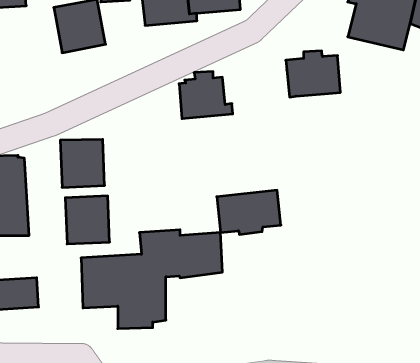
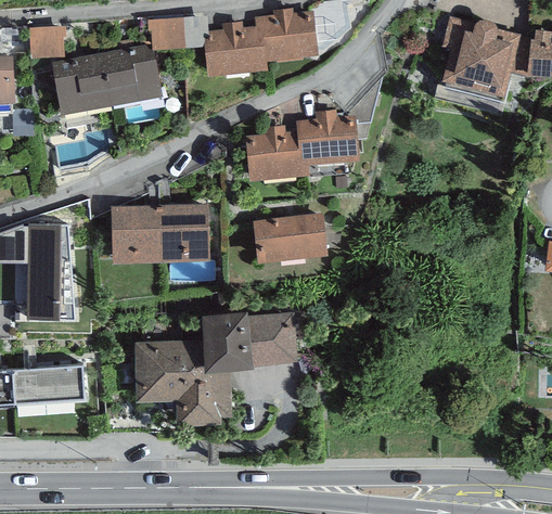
building: none -> [51,54,112,115]
building: [286,51,340,97] -> [295,113,358,166]
building: [217,190,281,234] -> [253,215,326,266]
building: [65,196,110,244] -> [158,204,209,259]

